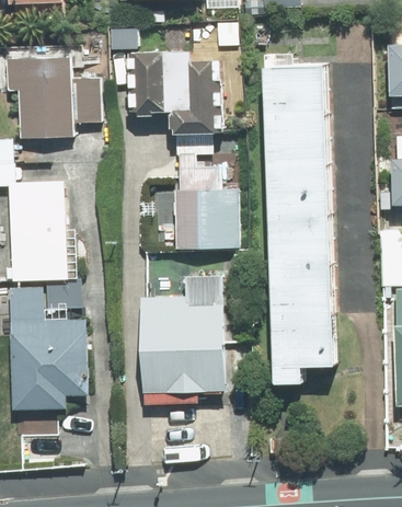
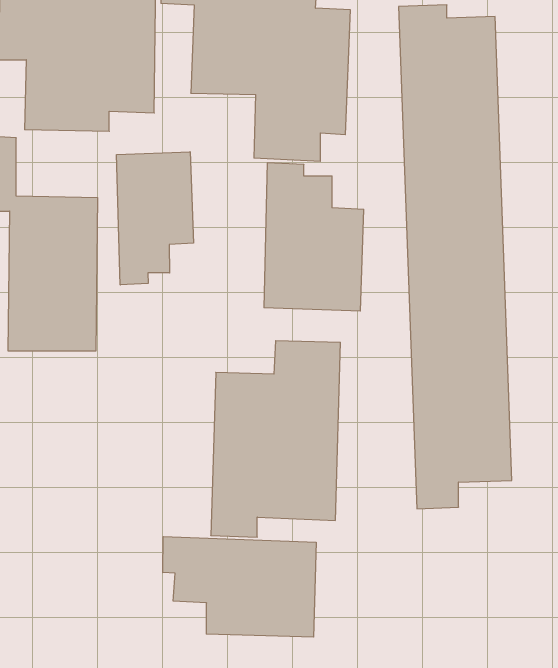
building: none -> [117,152,193,285]
building: [10,288,85,410] -> none
building: none -> [163,537,316,637]

